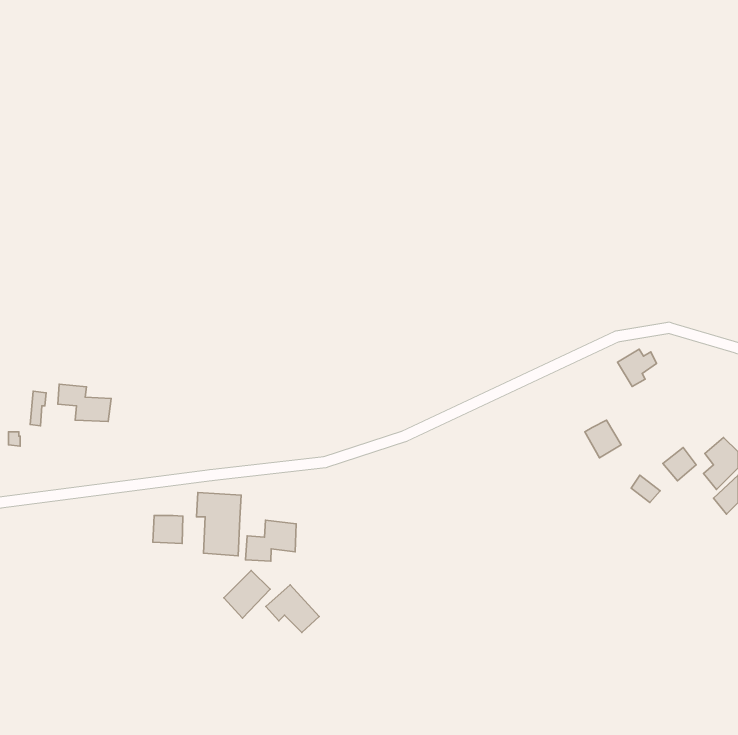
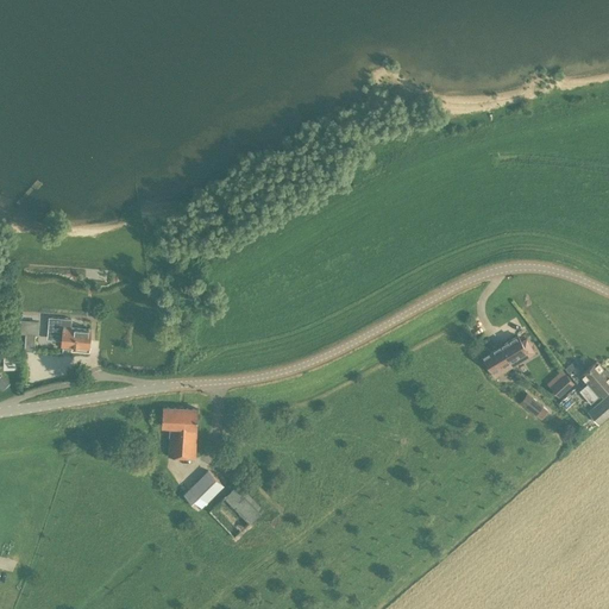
building: [618,349,657,387] -> [500,338,532,369]
building: [153,516,183,544] -> none
building: [245,520,296,561] -> none

